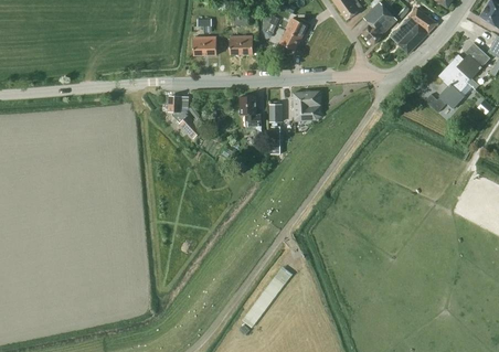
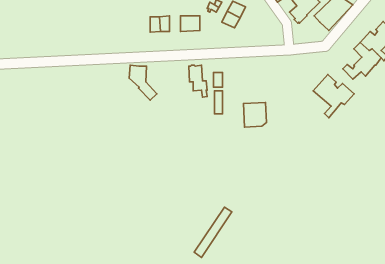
building: [294,90,321,120] -> [244,102,266,127]
building: none -> [313,74,354,118]

